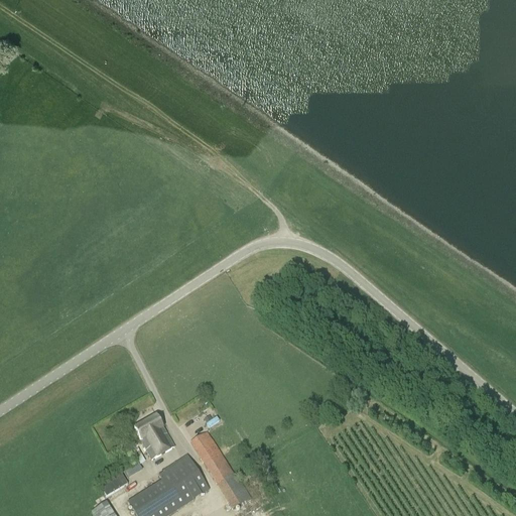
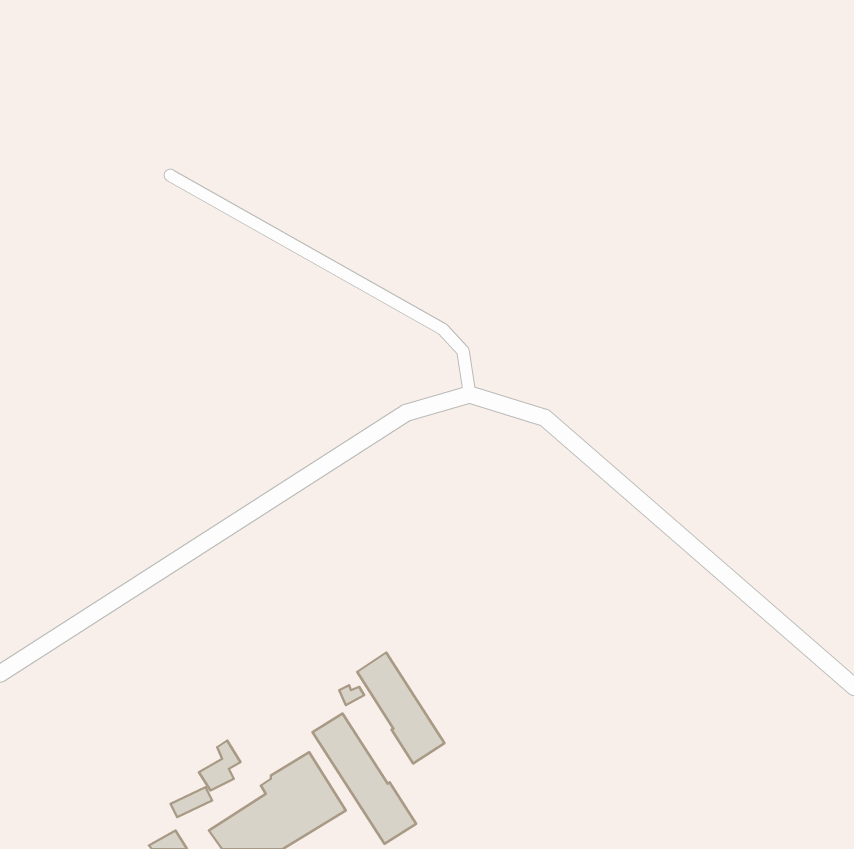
building: none -> [357,652,444,763]
building: [133,415,173,459] -> none

